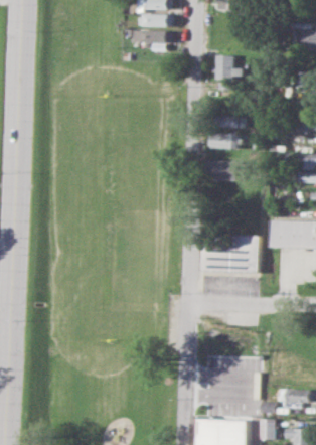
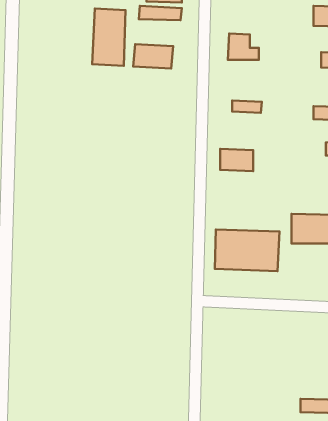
building: none -> [92,9,125,66]
building: none -> [133,44,173,68]
building: [204,133,238,150] -> none

